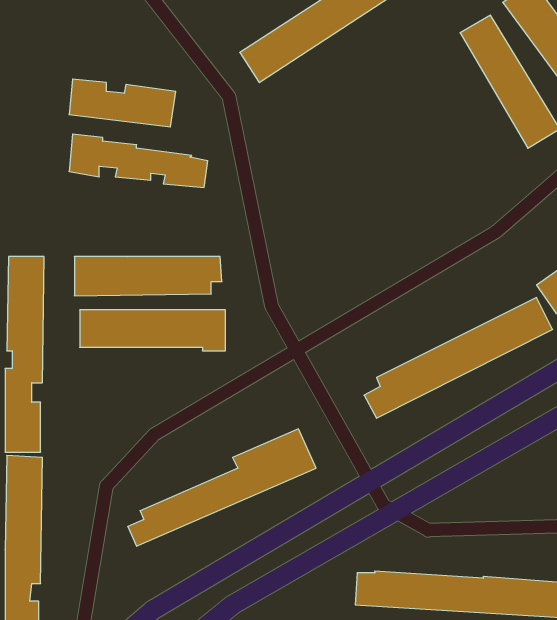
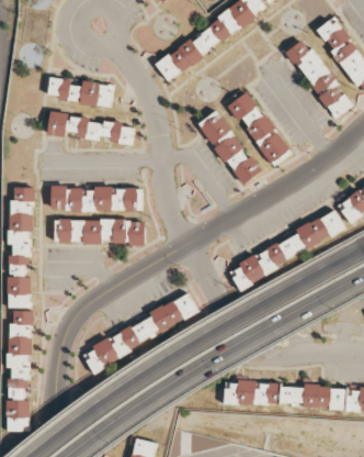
building: none -> [228,91,288,164]
building: none -> [197,110,262,186]

